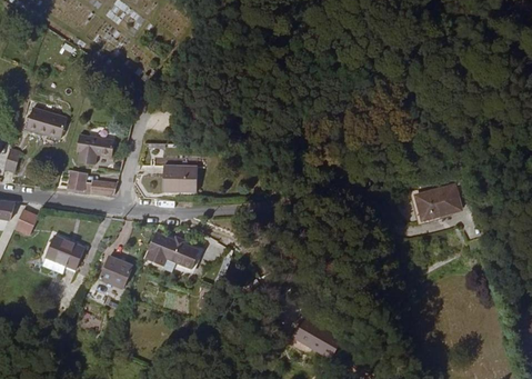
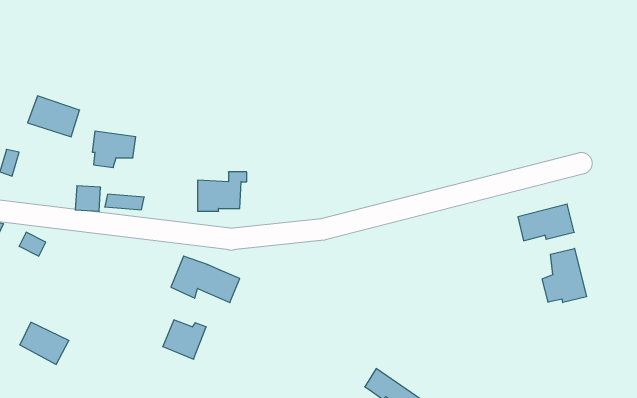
building: none -> [542,248,586,303]
building: [46,236,84,269] -> [20,322,69,364]
building: [94,259,129,290] -> [163,320,206,359]

